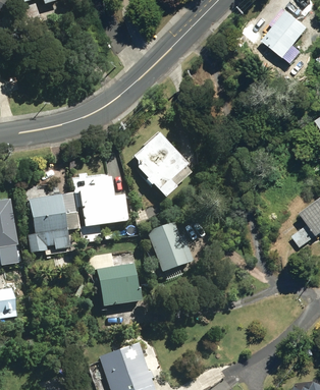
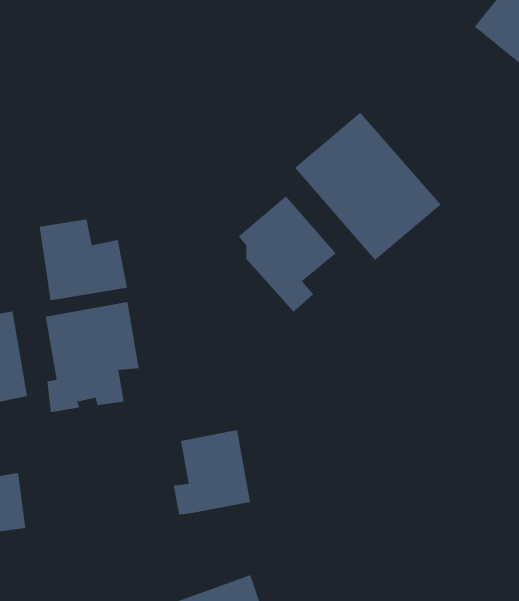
building: none -> [294,112,442,261]
building: [78,183,127,228] -> [39,219,128,301]
building: [147,221,192,273] -> none

